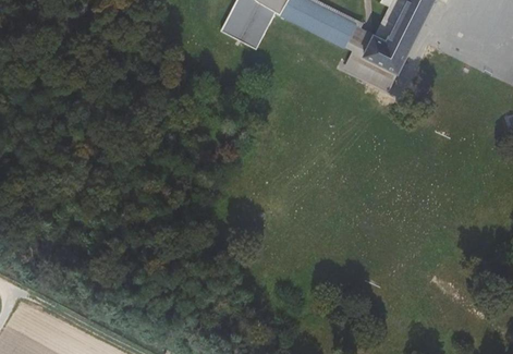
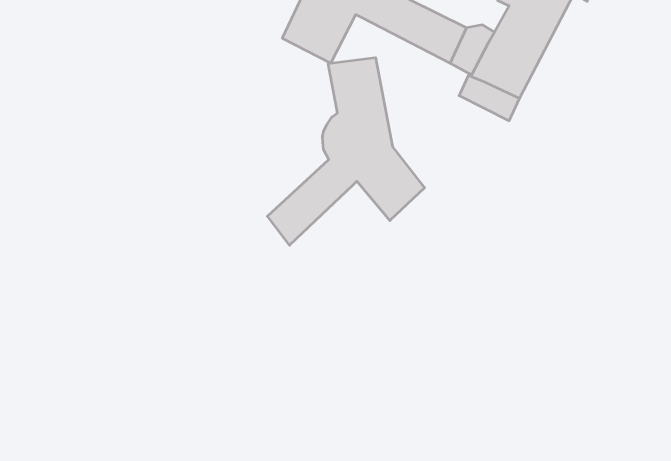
building: none -> [267,58,425,245]

